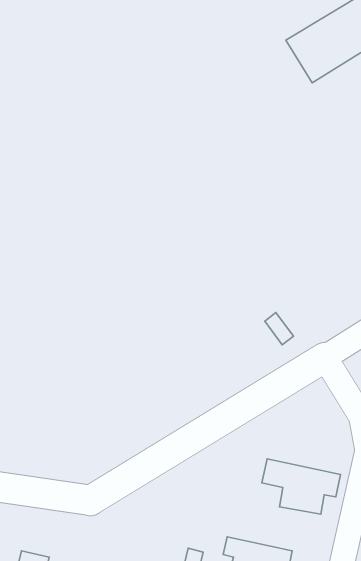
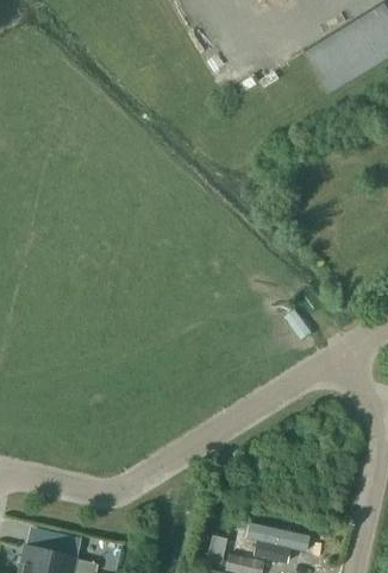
building: [262,459,340,514] -> none

